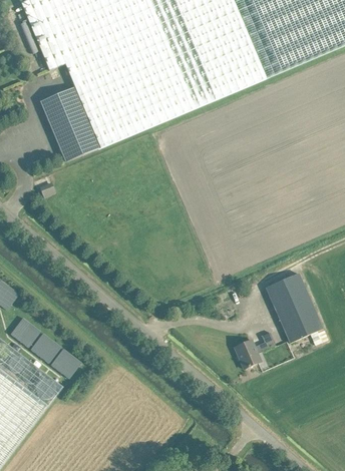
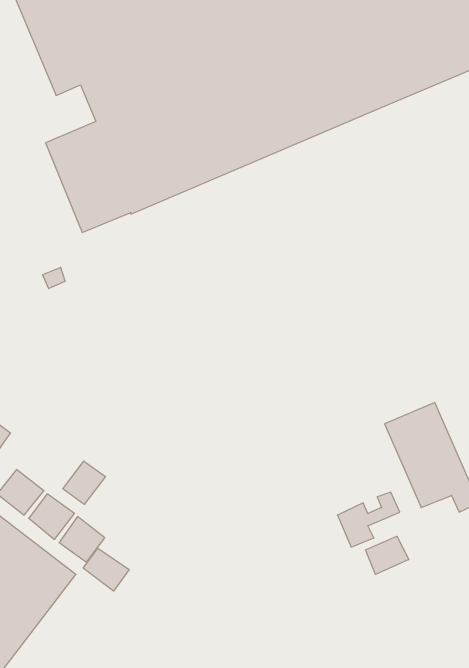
building: none -> [63,461,105,504]
building: none -> [366,536,409,574]
building: none -> [83,548,129,591]

